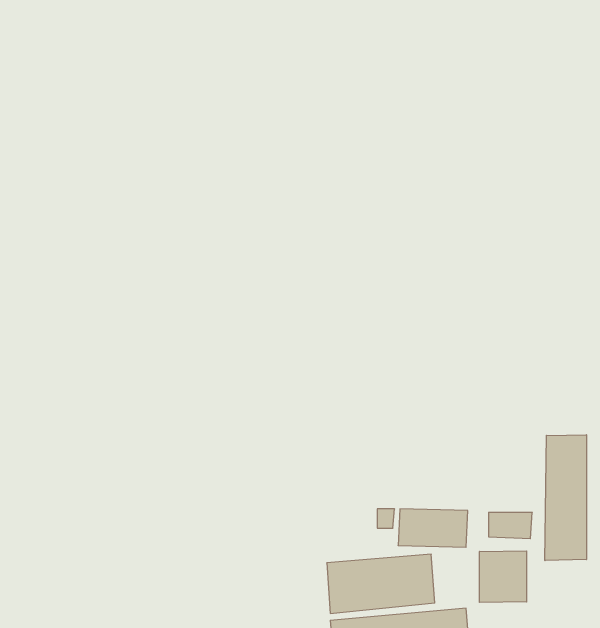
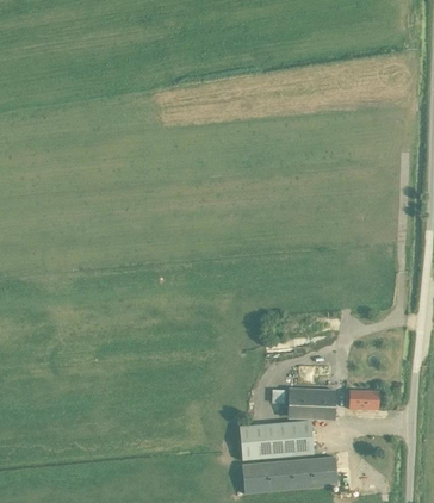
building: [545,435,586,561] -> none
building: [480,551,527,602] -> none

